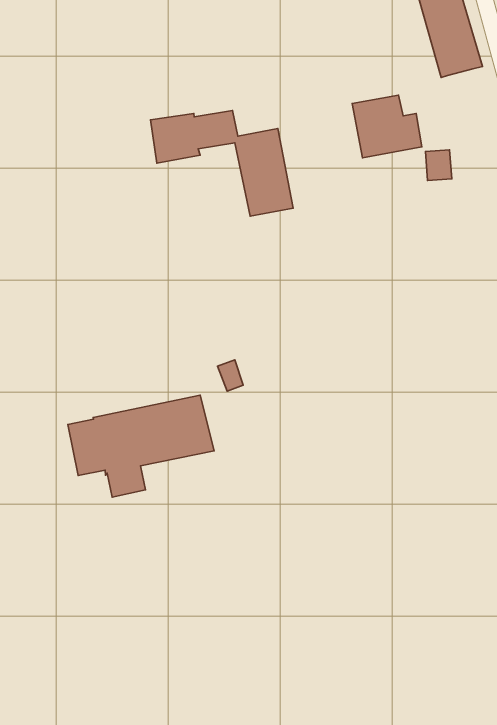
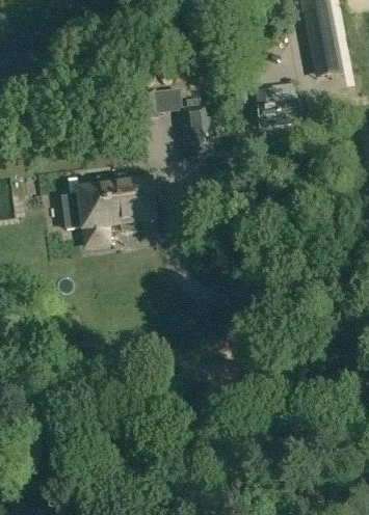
building: [68,395,214,497] -> [62,179,155,240]

